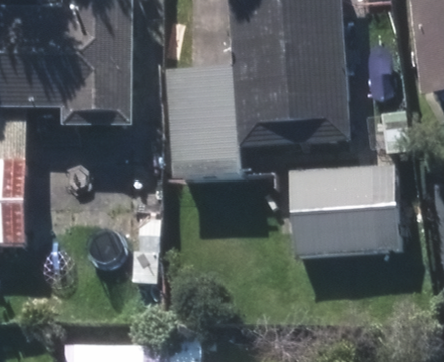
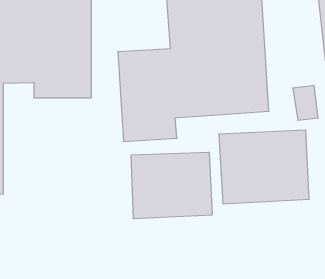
building: none -> [131,152,212,219]

